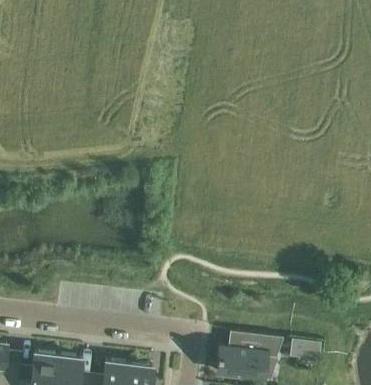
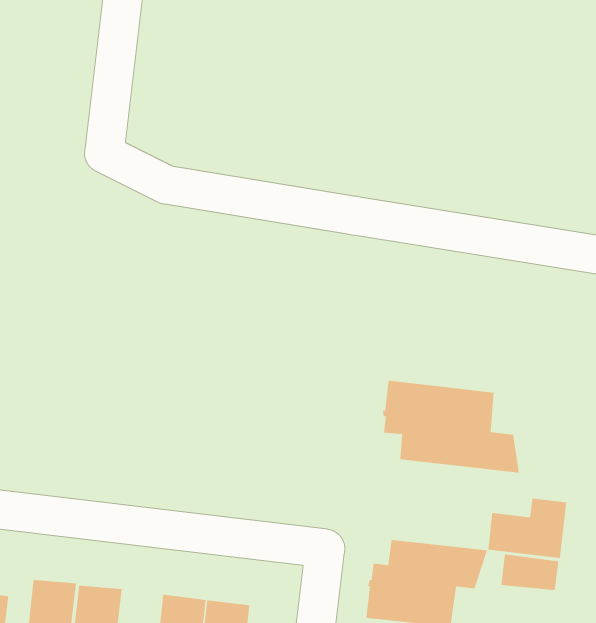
building: none -> [383,380,520,474]
building: none -> [488,498,567,559]

